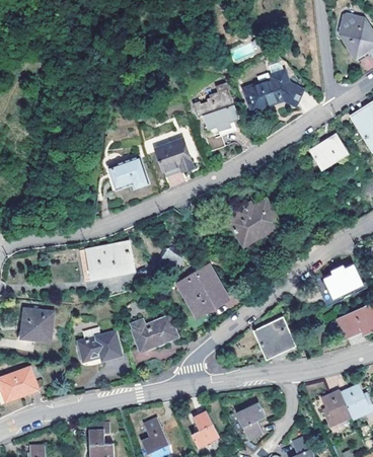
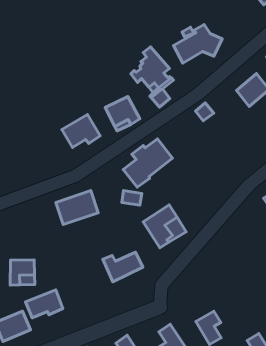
building: [225,202,283,253] -> [123,139,172,187]
building: [256,315,295,354] -> none
building: [79,331,121,360] -> [26,290,63,318]

